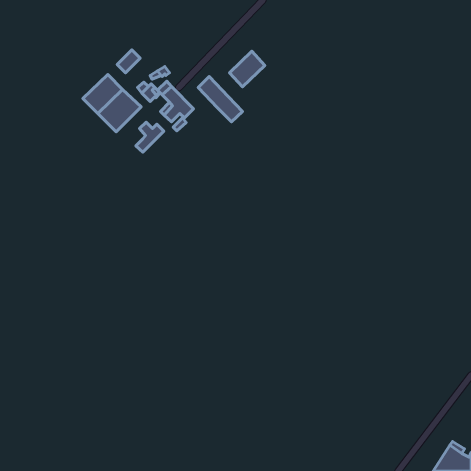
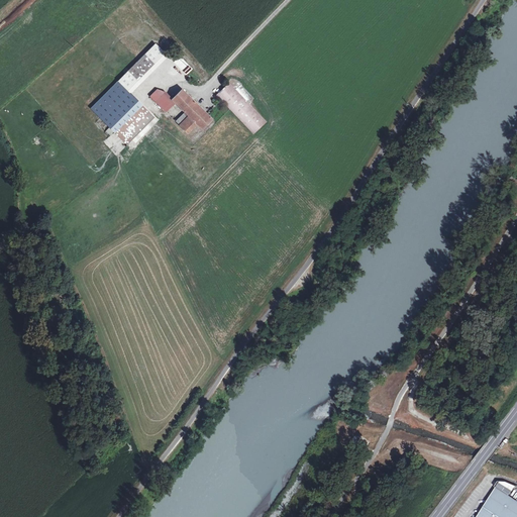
building: [229,51,265,87] -> none
building: [136,122,164,152] -> none

